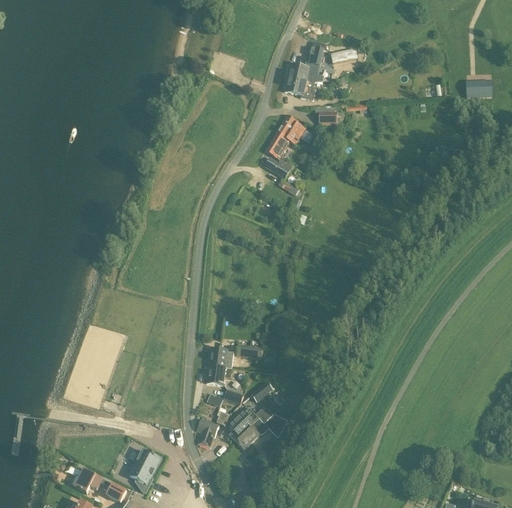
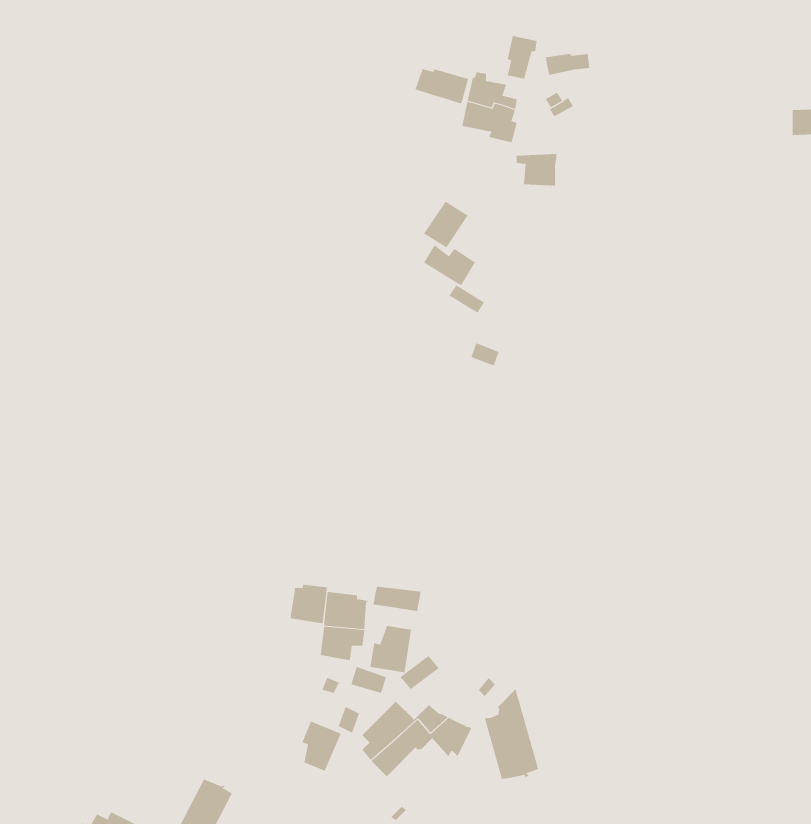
building: none -> [415,68,469,104]
building: [276,115,306,145] -> none
building: none -> [290,584,328,624]
building: none -> [370,625,411,673]
building: none -> [484,688,539,779]

